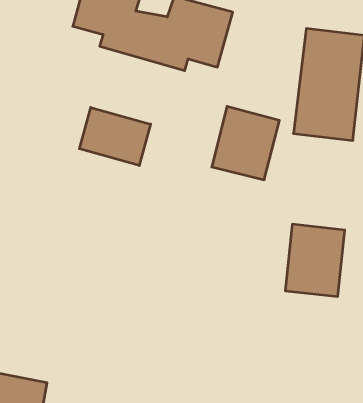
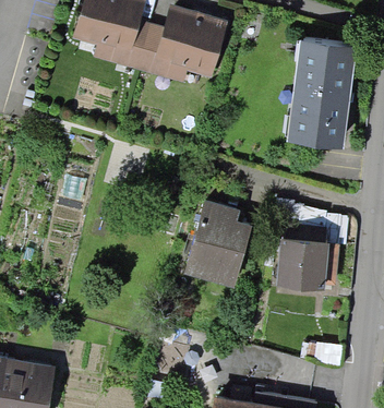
building: [212,106,279,180] -> [184,214,248,283]
building: [79,107,151,166] -> none

